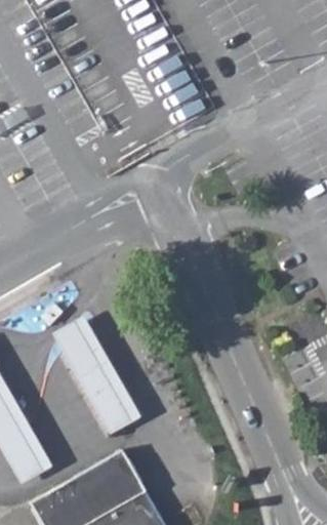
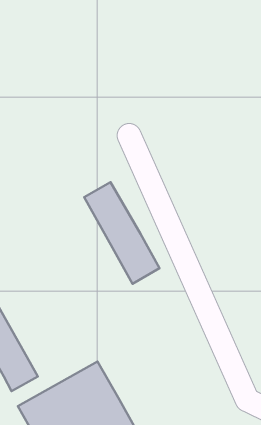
building: [52,316,140,435] -> [84,182,160,284]

